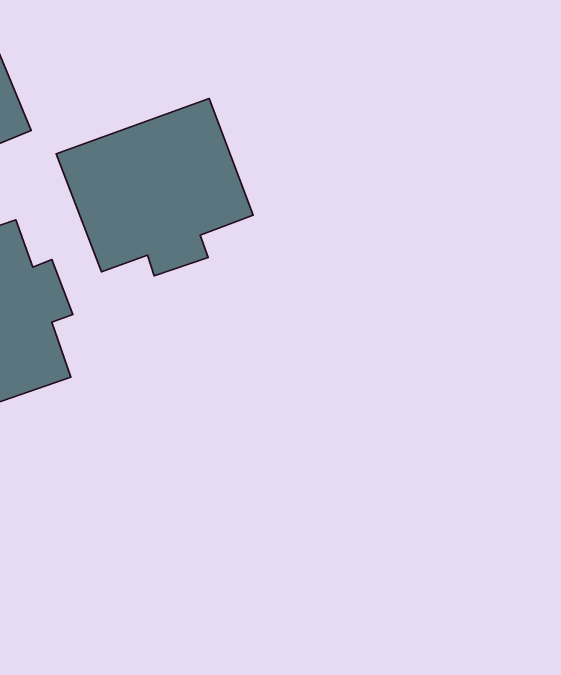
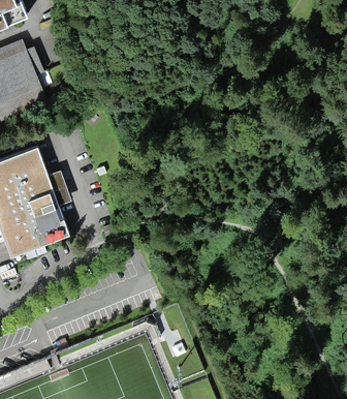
building: [56,98,253,276] -> none

